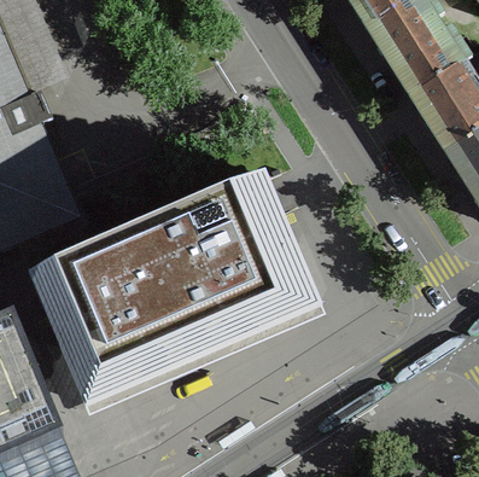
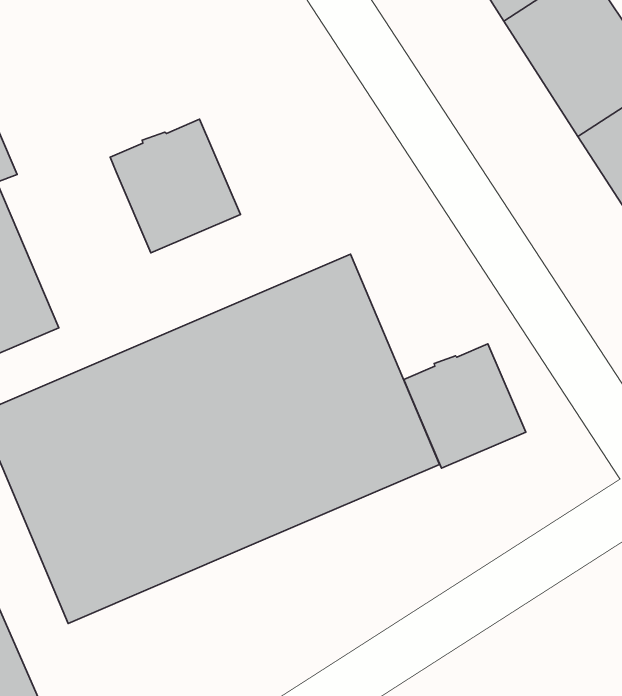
building: none -> [110,119,240,253]
building: none -> [404,344,526,468]

